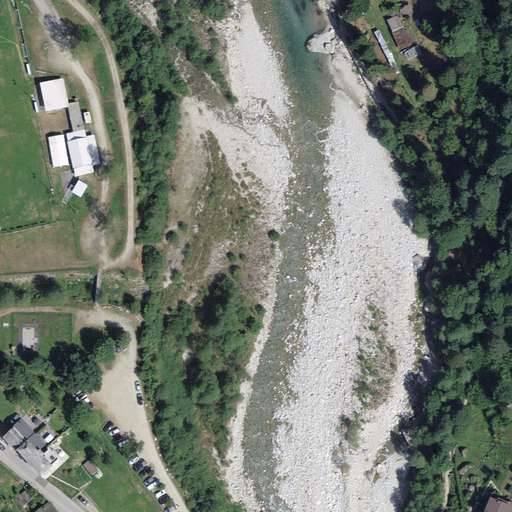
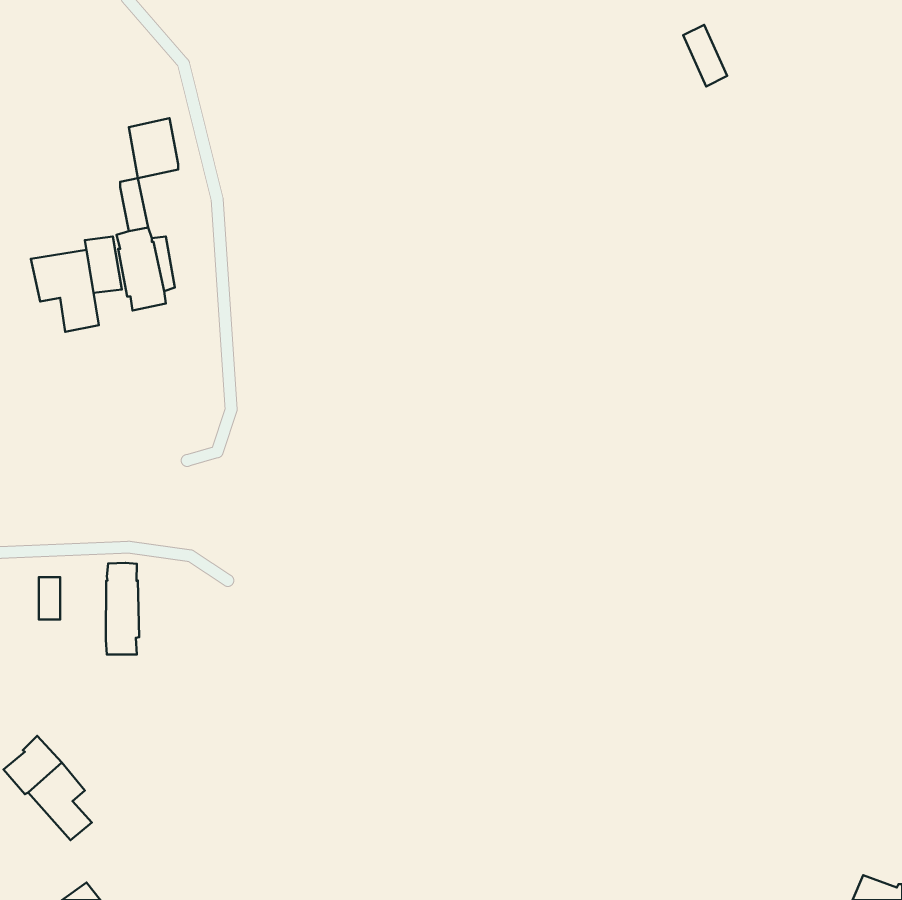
building: [40,77,68,111] -> [129,118,178,178]
building: none -> [31,250,99,332]
building: none -> [106,563,139,654]

